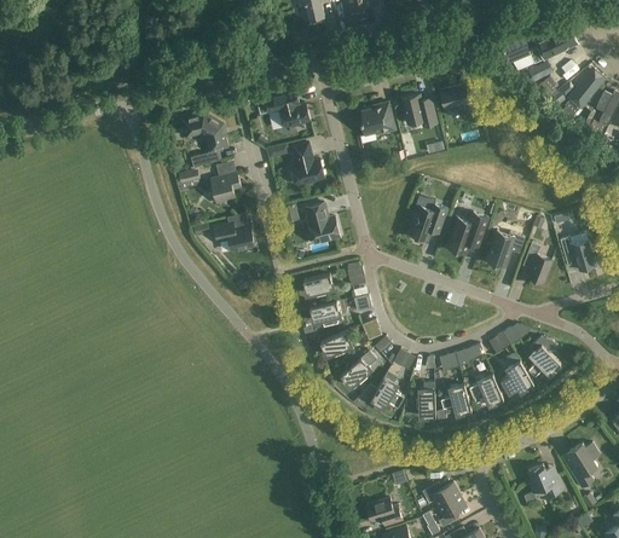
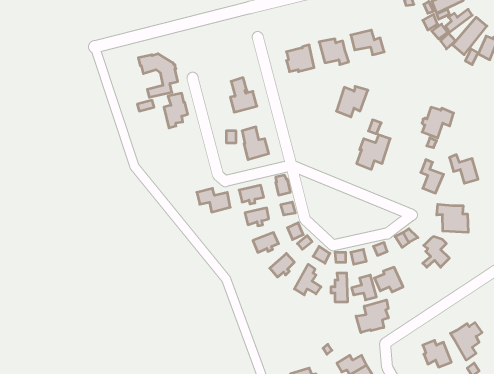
building: [264,89,310,127] -> none
building: [409,203,447,241] -> [336,86,368,117]
building: [213,221,254,250] -> [197,188,230,212]
building: [485,230,523,267] -> [422,107,454,138]
building: none -> [437,204,468,232]
building: [501,359,533,391] -> none
building: none -> [356,300,388,333]

